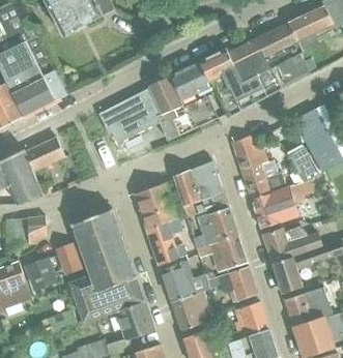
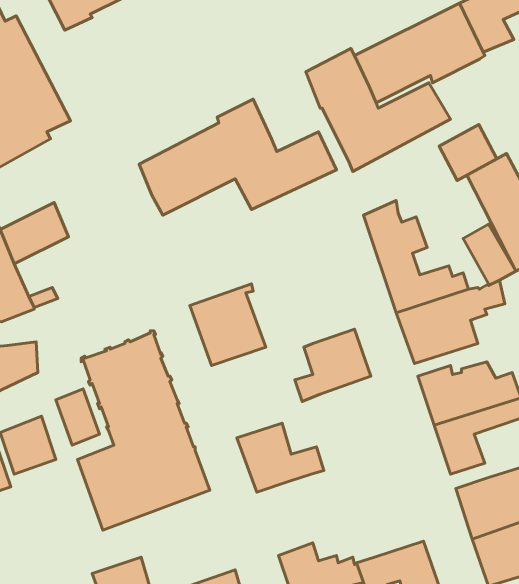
building: [276,54,309,86] -> [439,124,497,180]
building: [169,61,207,99] -> none
building: [173,160,226,217] -> none
building: [145,218,190,264] -> none
building: [197,235,246,270] -> none
building: [207,266,256,300] -> none
building: [171,291,206,330] -> none
building: [116,300,154,338] -> none
building: [233,303,266,338] -> none

